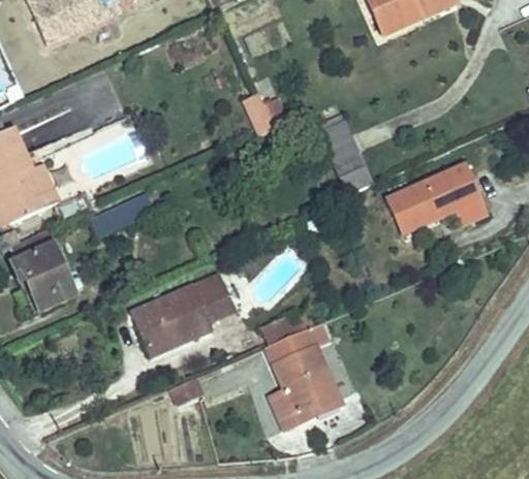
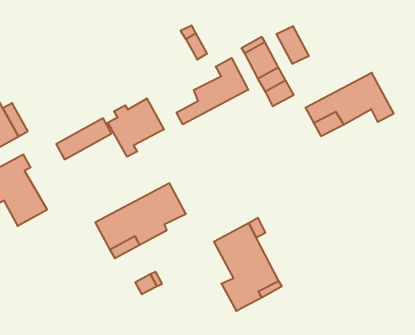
building: none -> [277,26,309,64]
building: none -> [177,58,248,124]
building: none -> [108,98,164,157]

